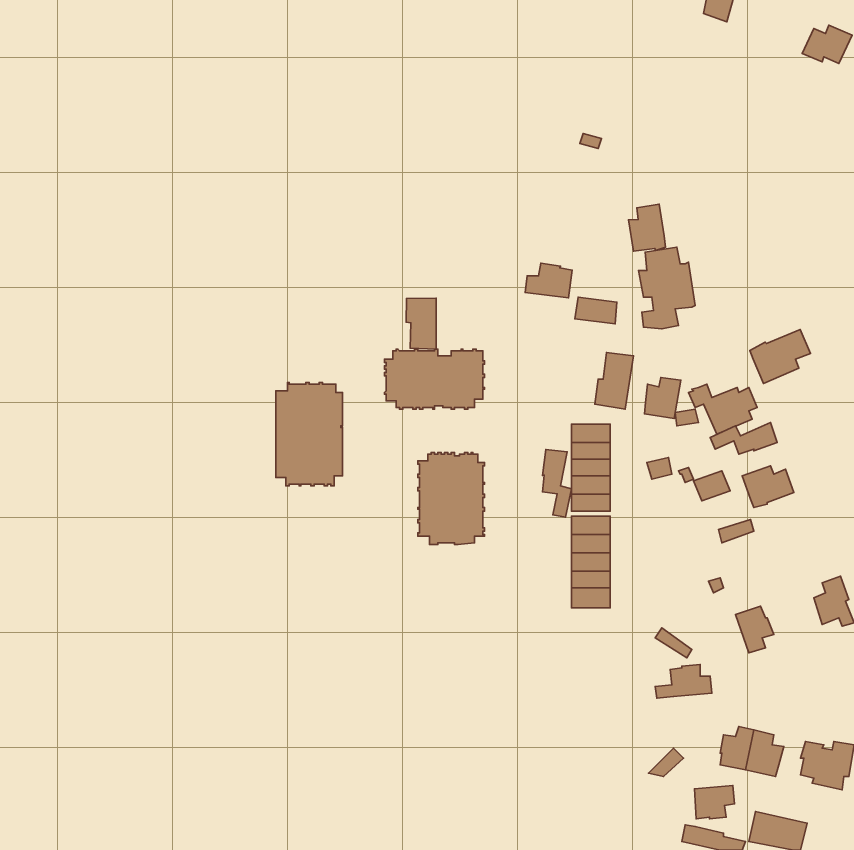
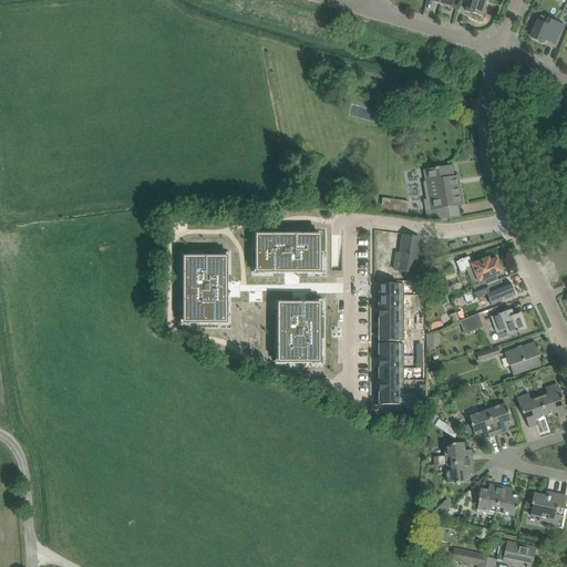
building: [629,204,666,251] -> none
building: [525,263,572,298] -> none
building: [406,298,436,349] -> none
building: [750,330,811,383] -> none
building: [644,377,681,419] -> none
building: [543,449,572,517] -> none
building: none -> [505,340,538,373]
building: none -> [516,392,545,425]
building: none -> [470,408,496,437]
building: [694,785,735,819] -> [446,460,473,482]

